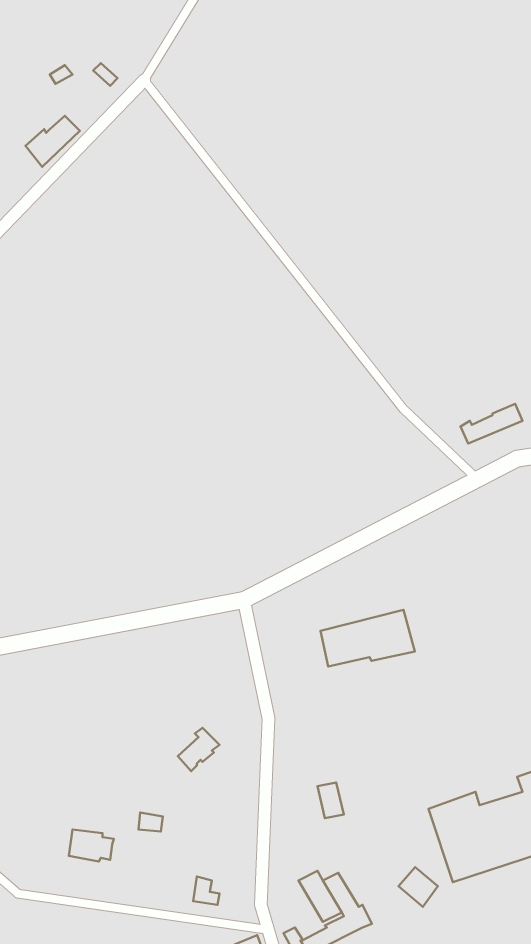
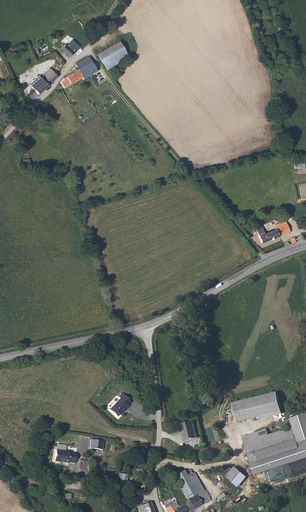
building: none -> [96,41,128,69]
building: none -> [60,58,98,89]
building: [321,610,415,666] -> [232,392,282,422]

